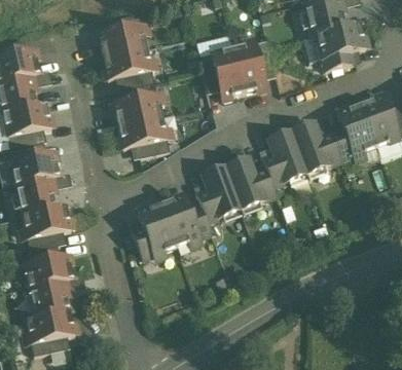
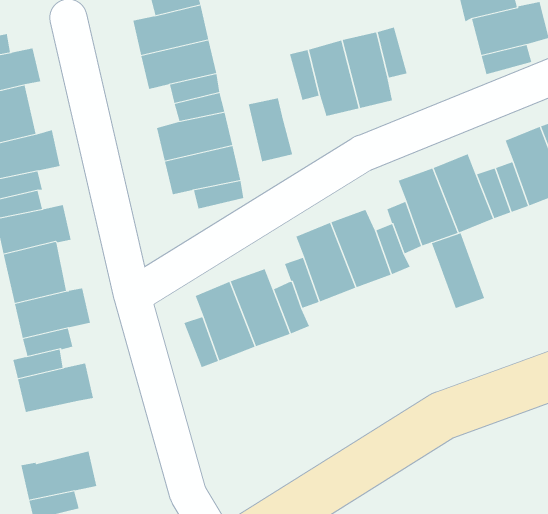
building: none -> [248,97,293,162]
building: none -> [431,233,485,309]
building: [29,280,70,320] -> none

